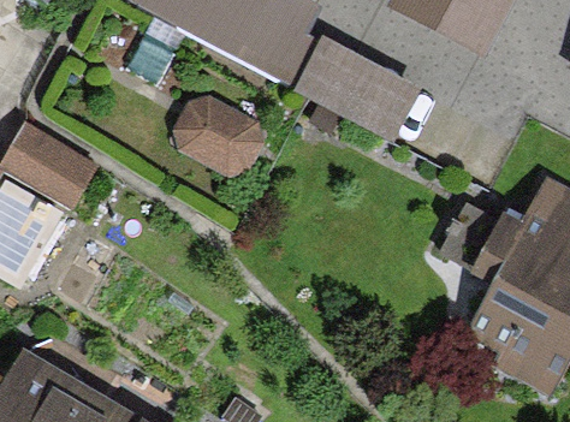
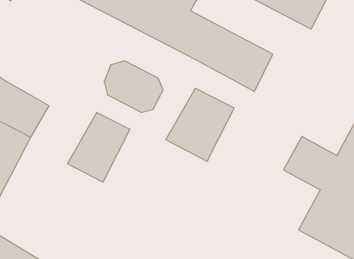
building: none -> [166,88,234,161]
building: none -> [68,112,130,182]

